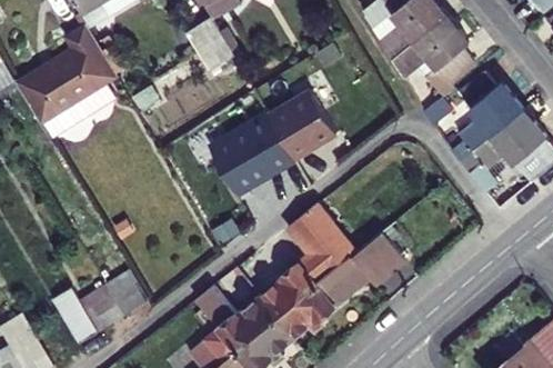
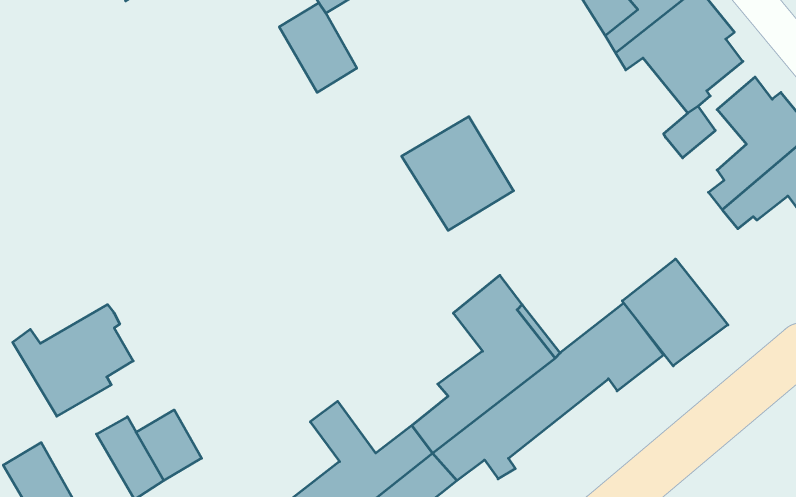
building: [11,34,109,129] -> none
building: [202,121,289,205] -> none
building: none -> [622,259,728,366]
building: none -> [13,305,133,416]
building: [112,270,154,316] -> none

